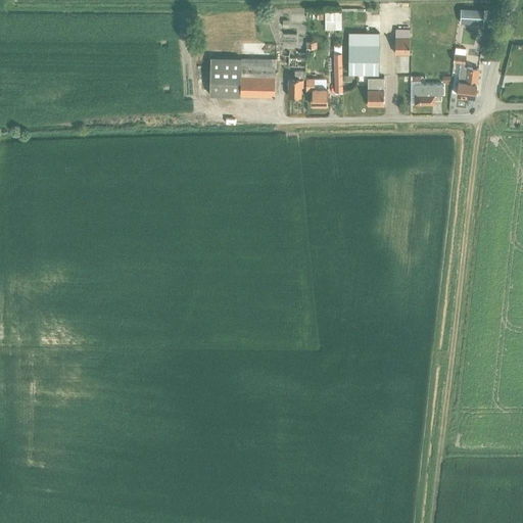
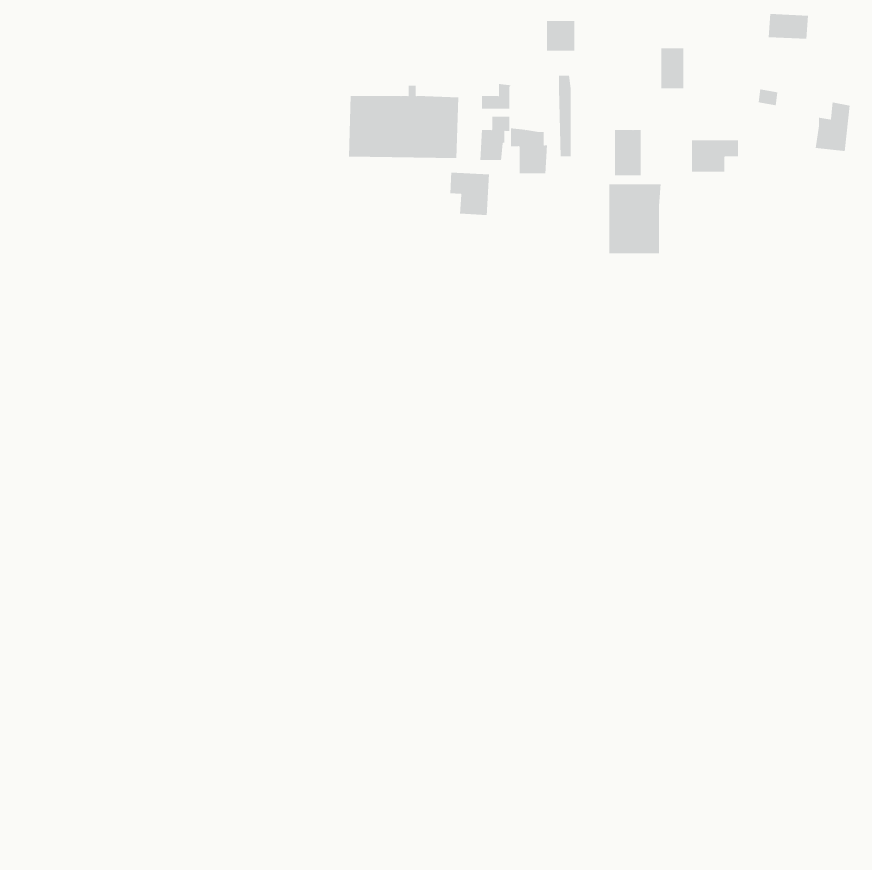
building: [348,33,380,75] -> [608,184,661,254]
building: [457,68,478,98] -> [815,102,851,151]
building: none -> [450,172,489,216]

